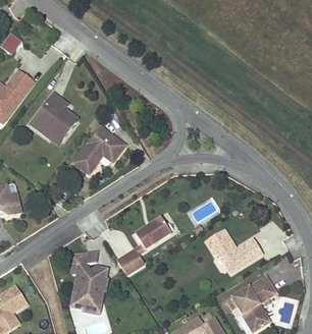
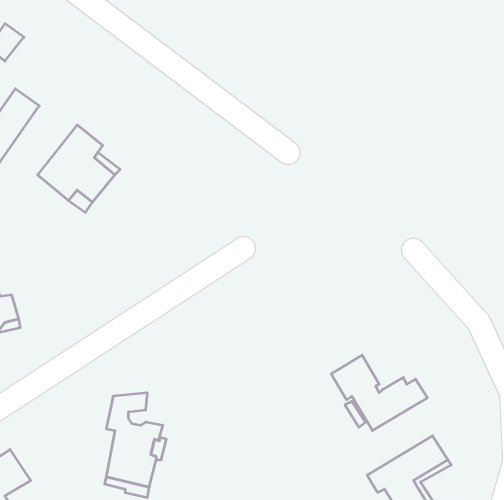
building: [73,126,127,174] -> none
building: [135,217,171,249] -> none
building: [116,248,145,275] -> none

